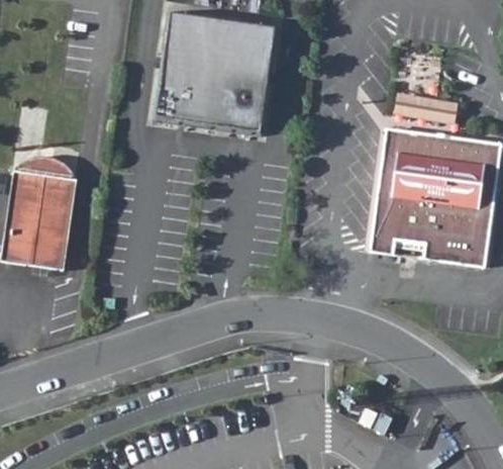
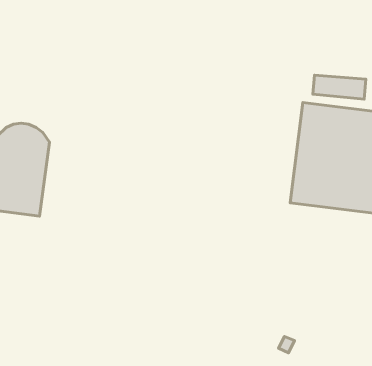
building: [152,10,276,134] -> none

